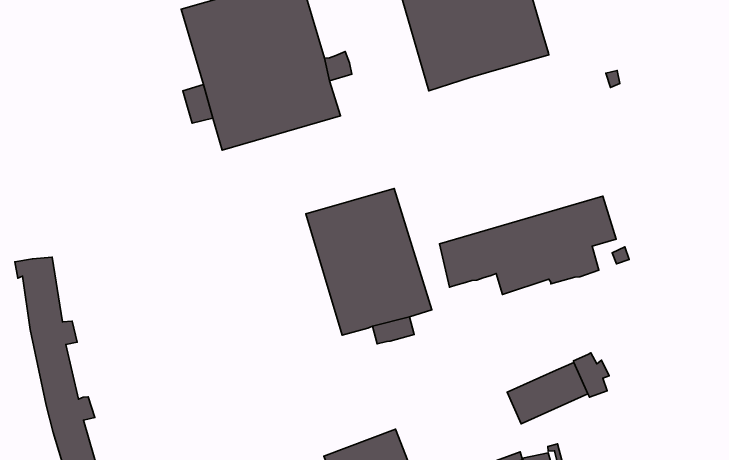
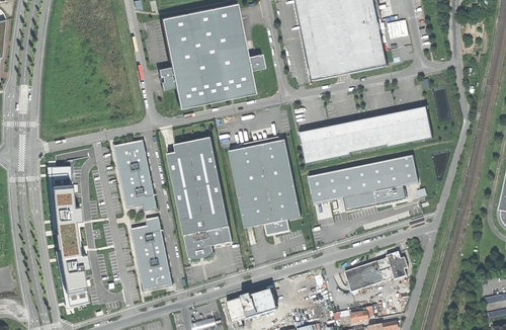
building: none -> [300,106,431,163]
building: none -> [165,138,232,259]
building: none -> [113,140,156,211]
building: none -> [130,217,171,290]

